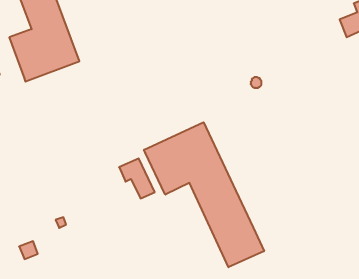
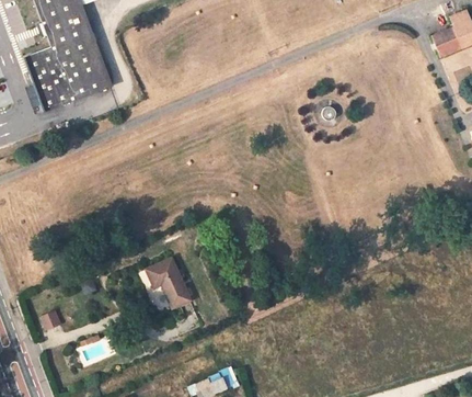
building: [144,122,264,267] -> none
building: [119,158,155,198] -> [147,258,191,307]

